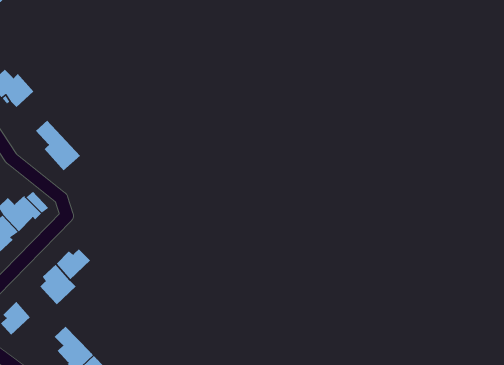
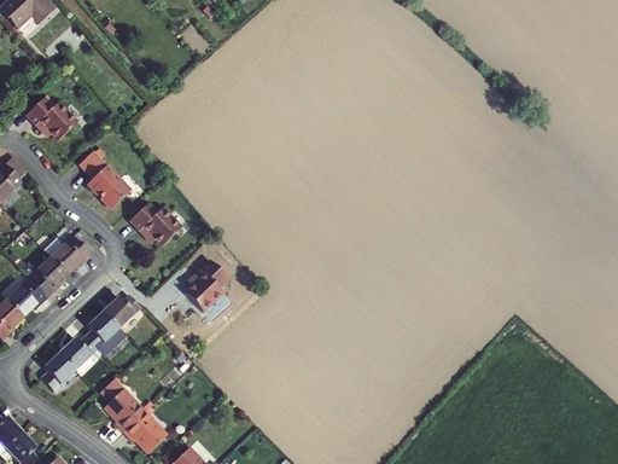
building: none -> [128,205,177,248]
building: none -> [185,260,227,312]
building: none -> [59,336,97,370]

